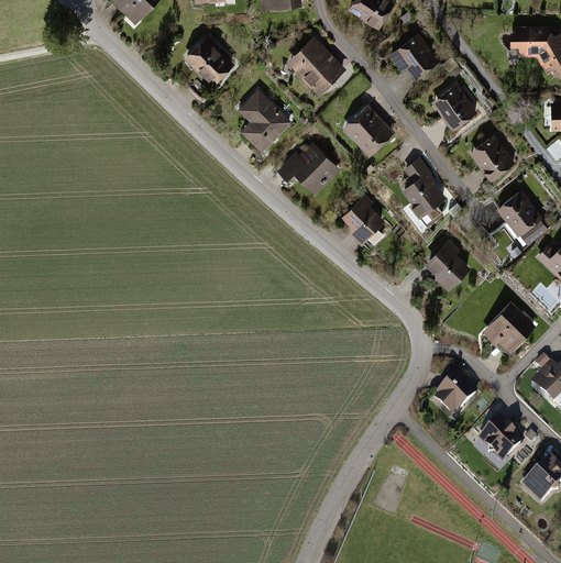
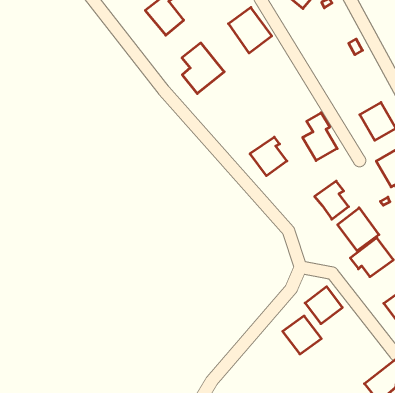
building: [388,34,439,80] -> none
building: [431,82,477,131] -> none
building: [343,104,395,156] -> none
building: [276,142,339,194] -> none
building: none -> [338,208,379,251]
building: [475,416,525,464] -> [283,316,321,354]

